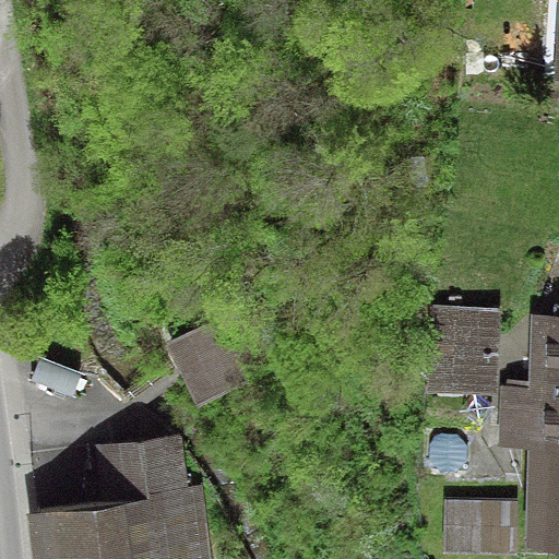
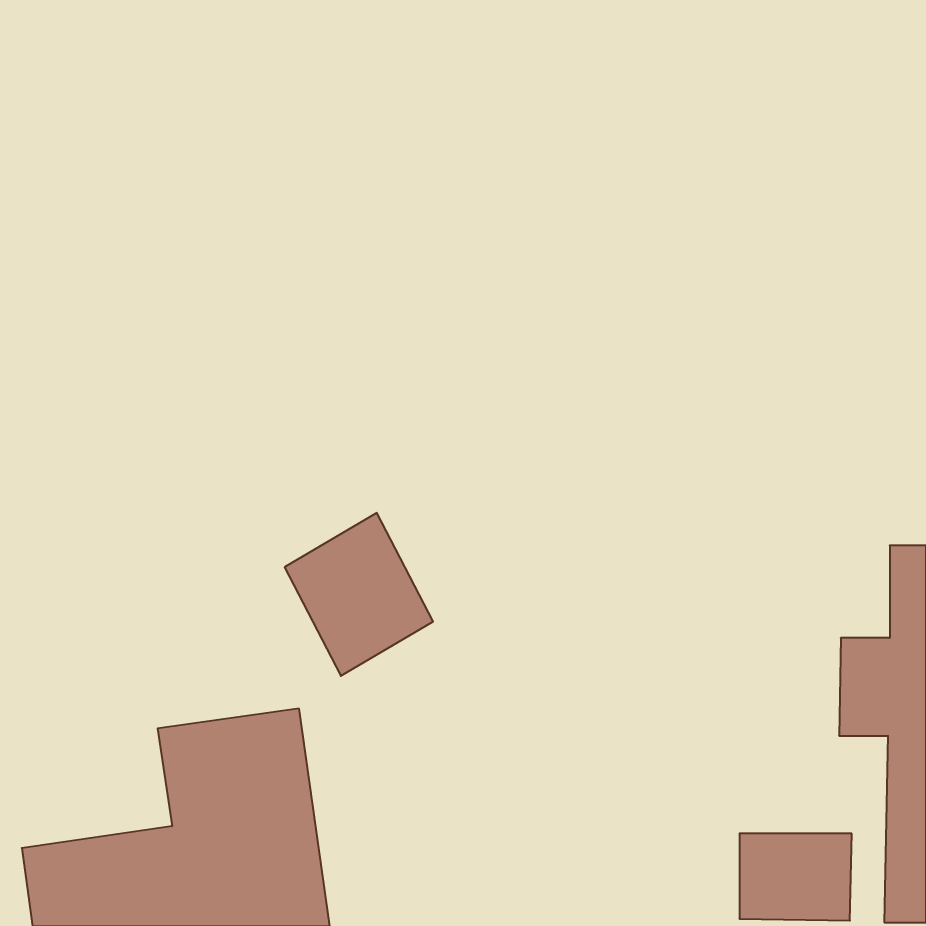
building: [426,307,502,396] -> none

